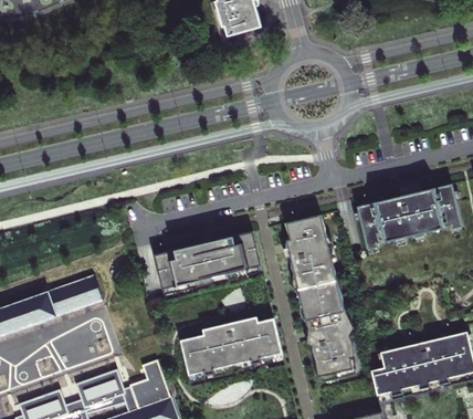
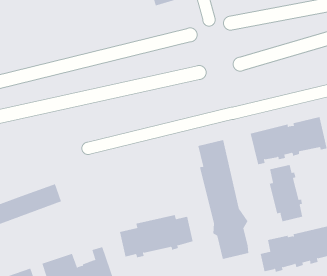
building: [153,232,261,291] -> none
building: none -> [269,164,303,222]

